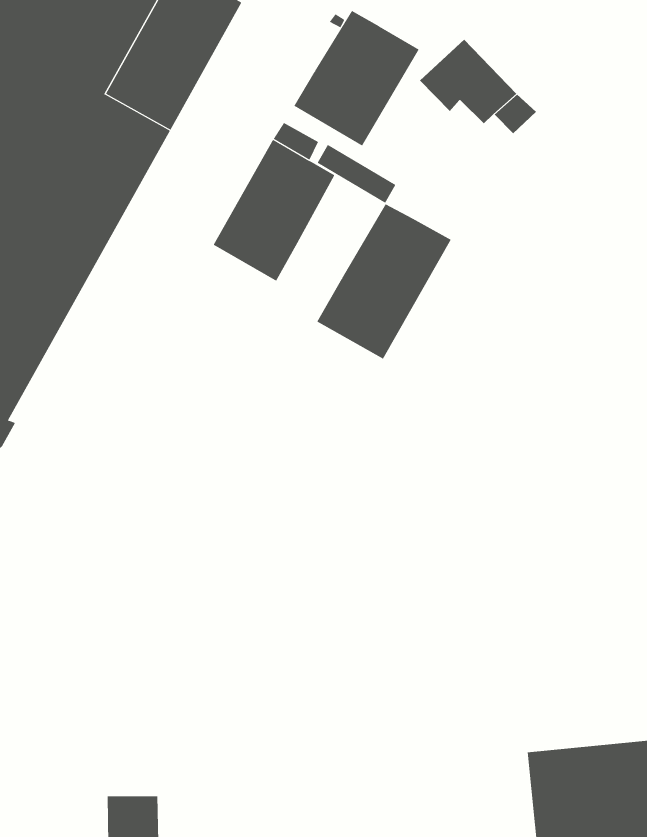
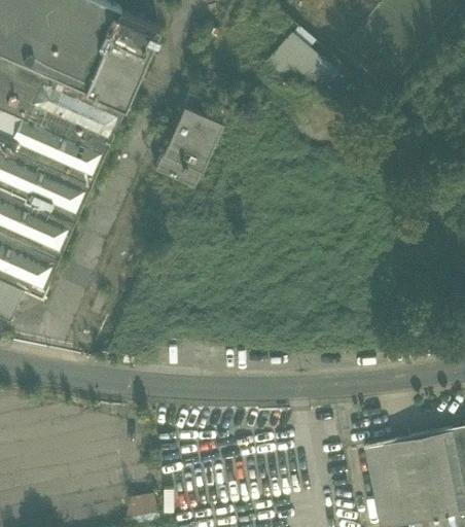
building: [293,10,419,146] -> none
building: [316,203,451,360] -> none

